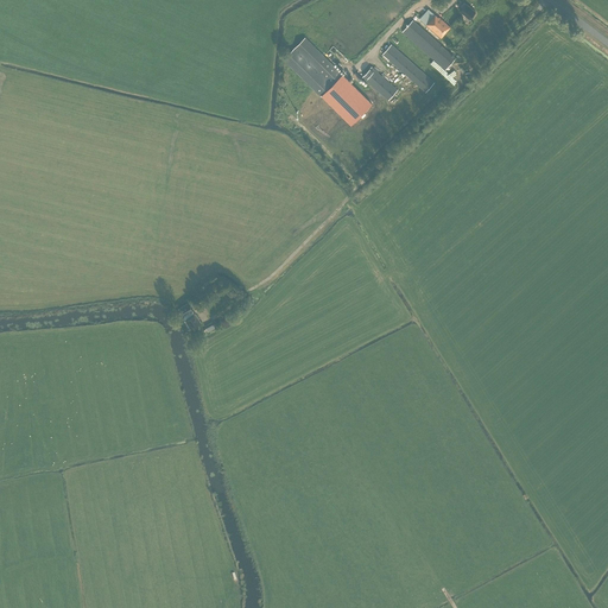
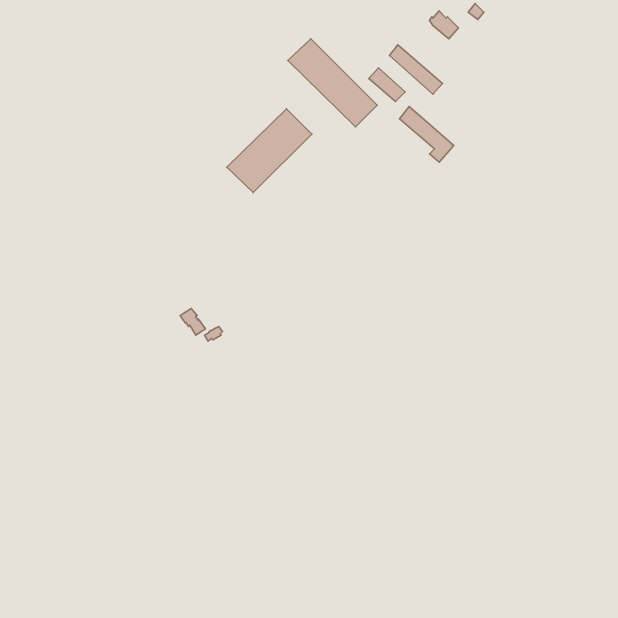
building: [403,20,456,75] -> [399,107,454,162]
building: none -> [227,109,312,193]

